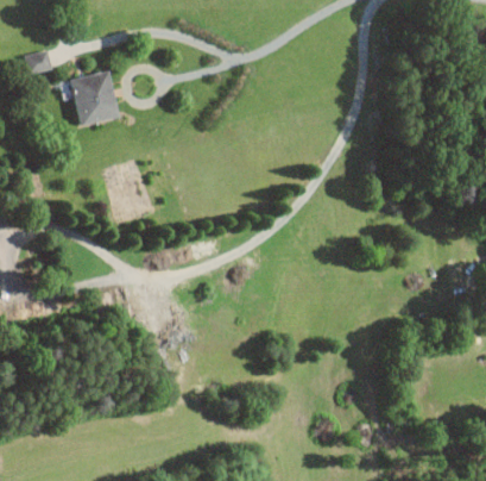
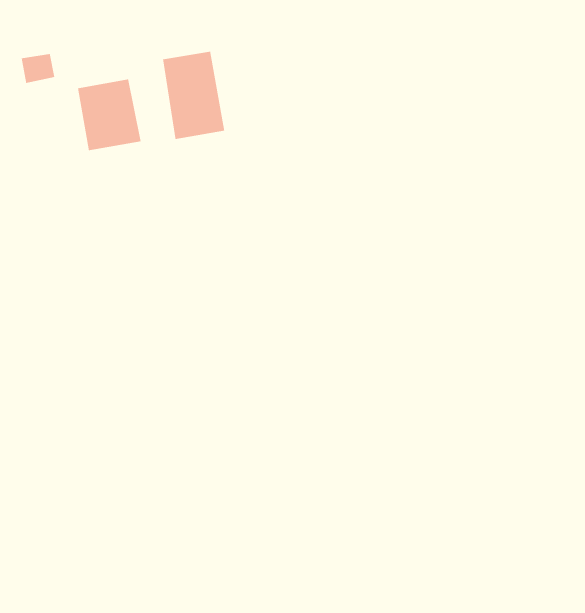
building: none -> [162,51,225,140]

